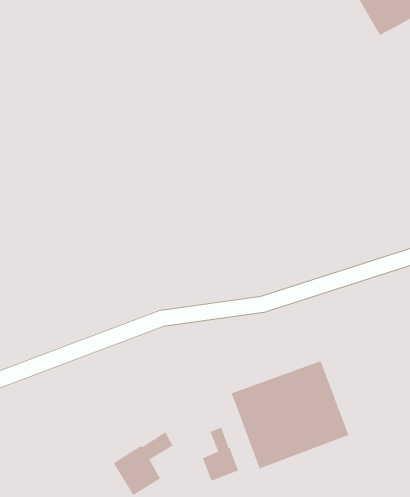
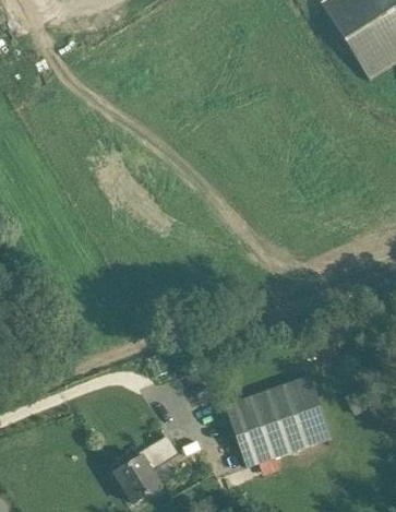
building: [202,427,239,482] -> none

